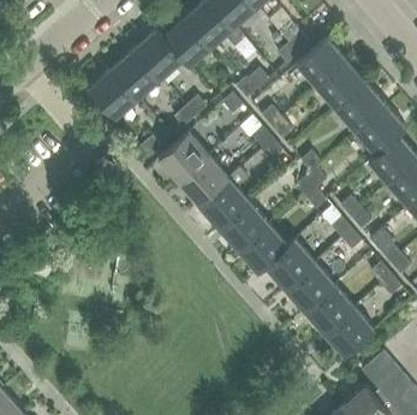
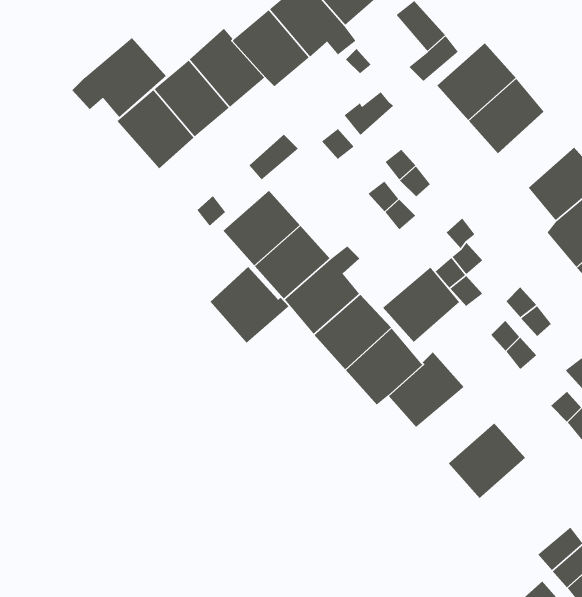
building: none -> [71,37,167,118]
building: [336,83,386,132] -> none
building: none -> [209,266,290,344]
building: [284,261,334,310] -> [382,267,460,343]
building: [324,307,375,357] -> none

